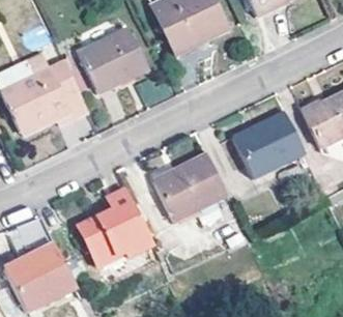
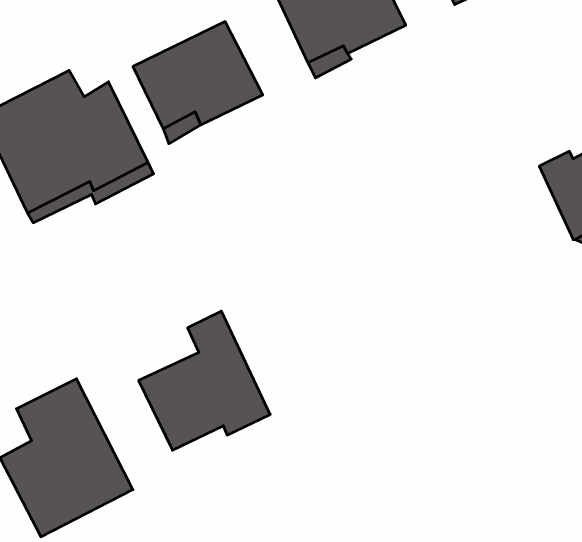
building: [229,110,303,177] -> none
building: [149,152,225,219] -> none

